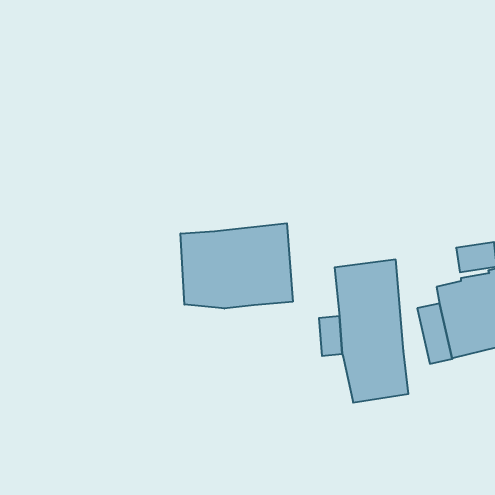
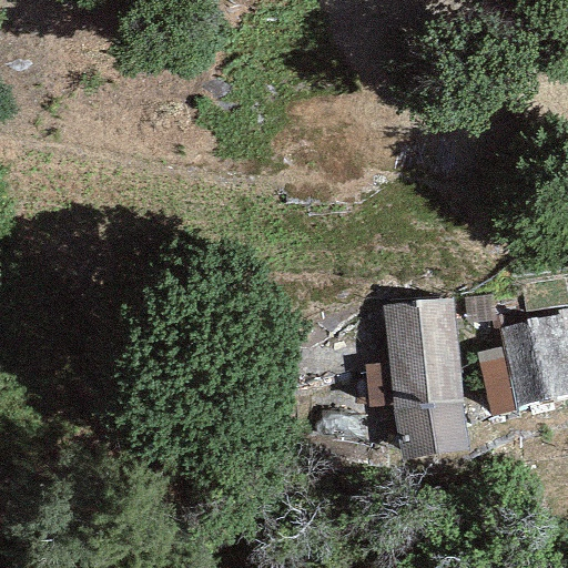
building: [181,223,293,309] -> none

